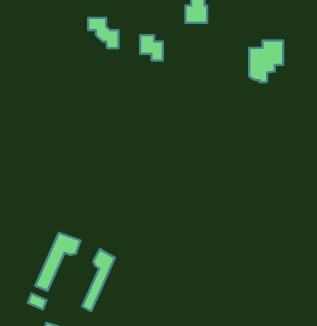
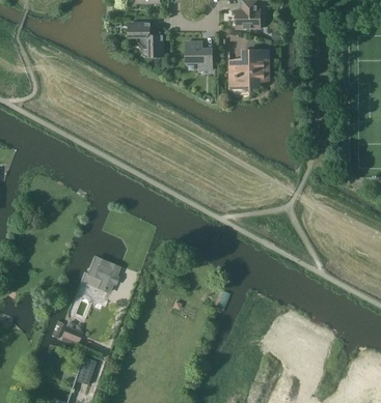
building: [249,40,283,82] -> [228,52,266,97]
building: [82,249,115,311] -> none

